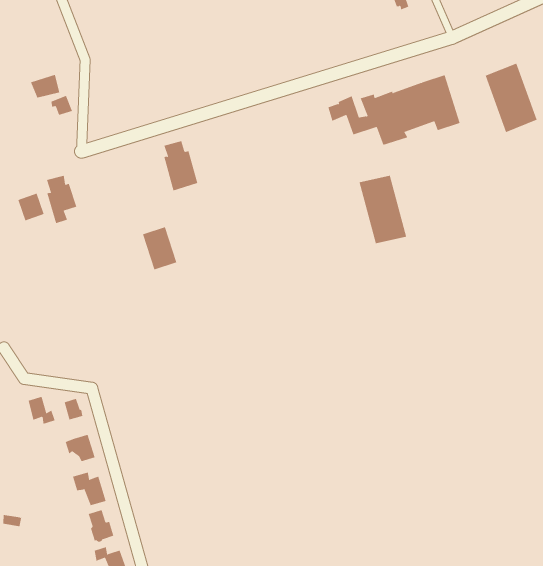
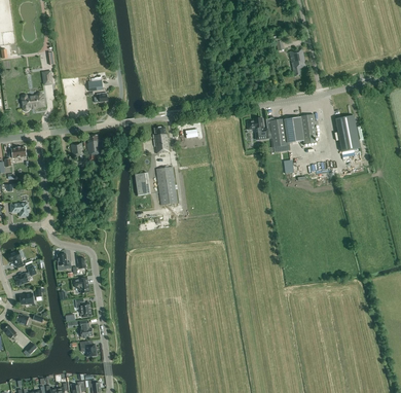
building: [359,175,407,244] -> none
building: none -> [156,166,177,205]

